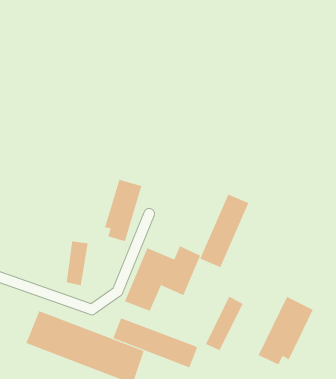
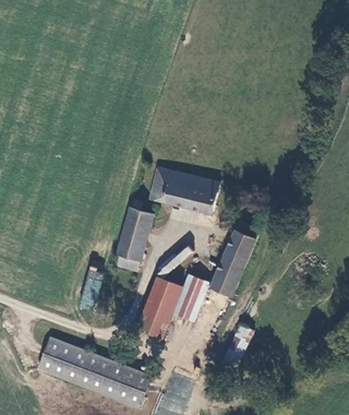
building: none -> [148,169,218,215]
building: [258,296,314,365] -> none
building: [113,317,198,368] -> none

